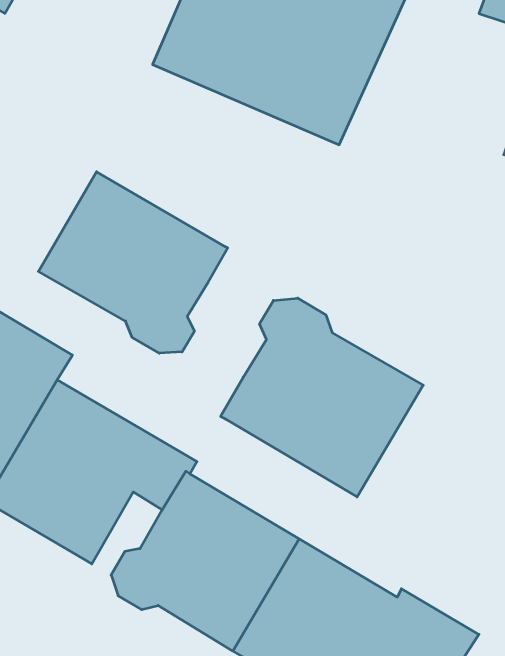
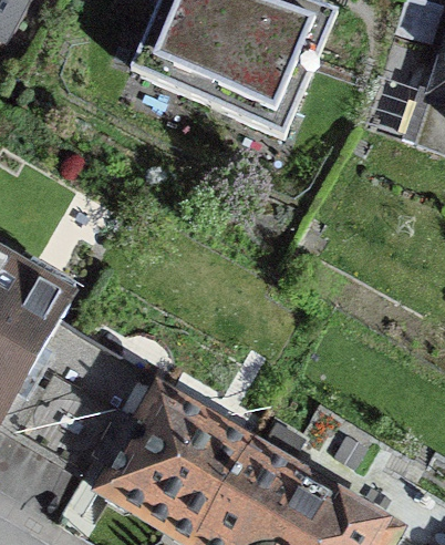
building: [38,172,228,353] -> none
building: [221,298,423,497] -> none

